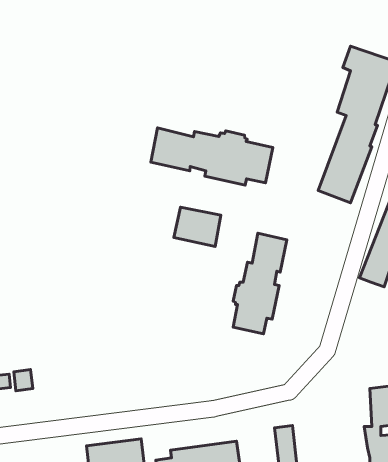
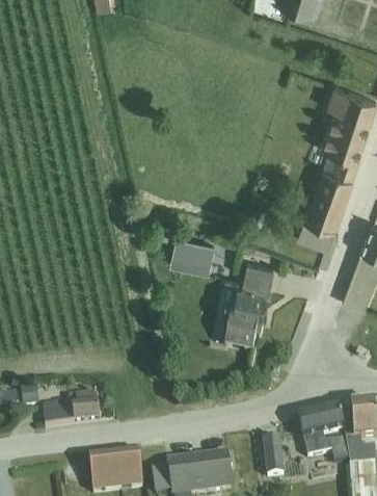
building: [151,128,273,185] -> none
building: none -> [297,217,334,247]
building: none -> [43,389,101,424]
building: none -> [299,401,354,459]

